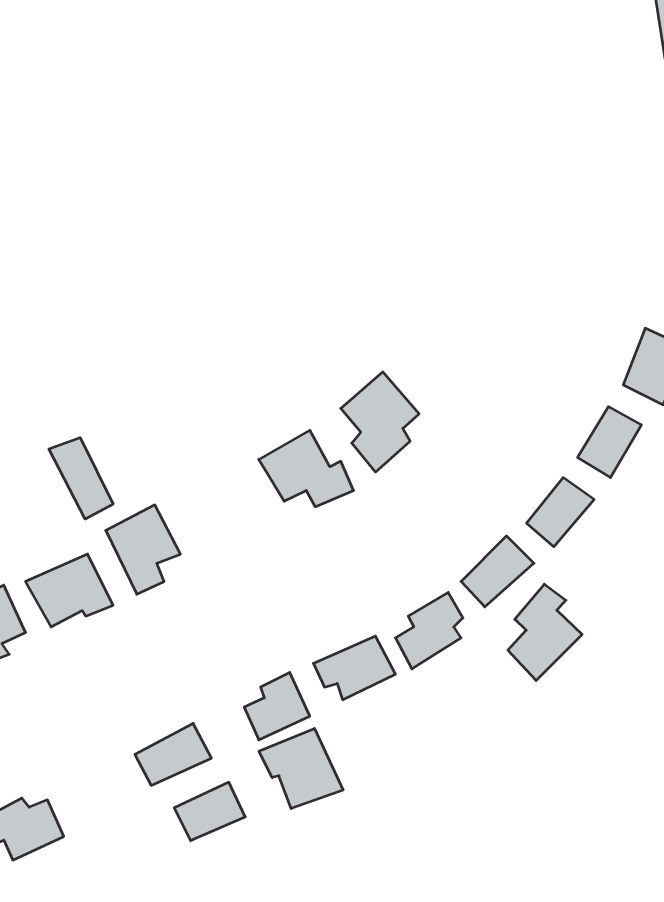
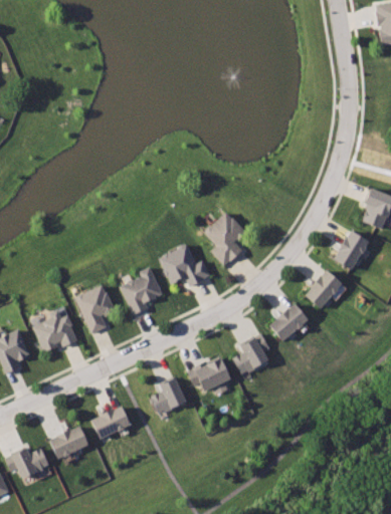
building: [49,438,113,519] -> none
building: none -> [120,266,162,315]
building: [508,584,582,681] -> none
building: [259,728,343,809] -> none
building: [174,782,245,841] -> [49,426,88,458]

